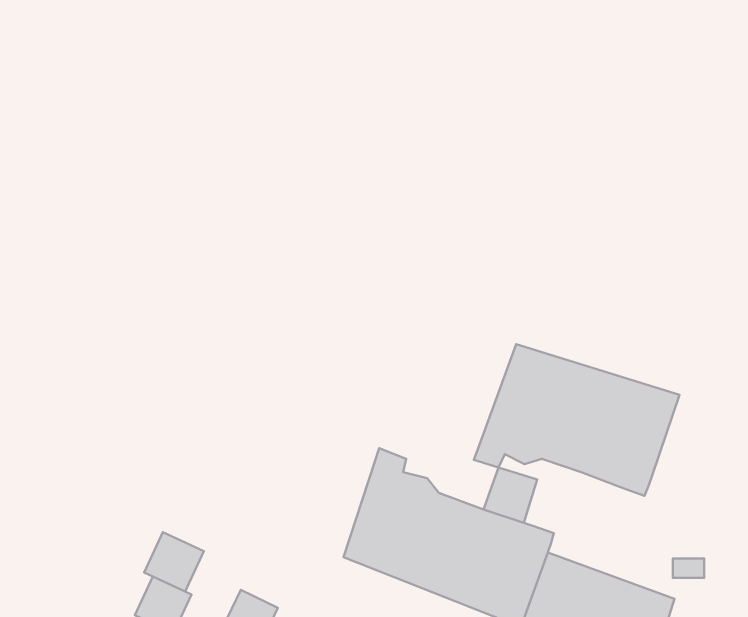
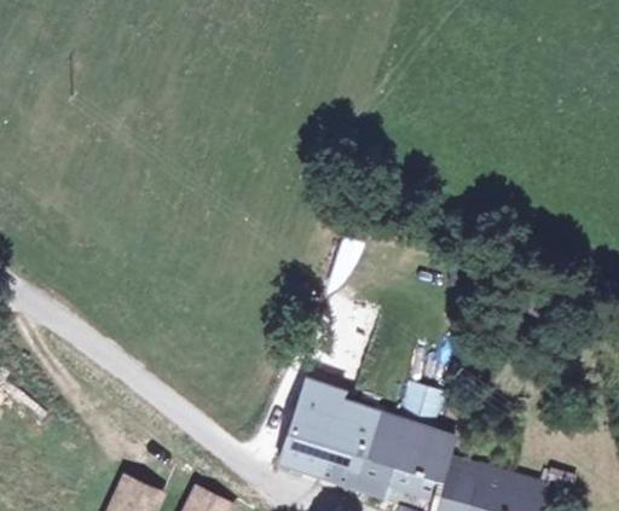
building: [474,344,680,496] -> none
building: [144,532,204,591] -> none

